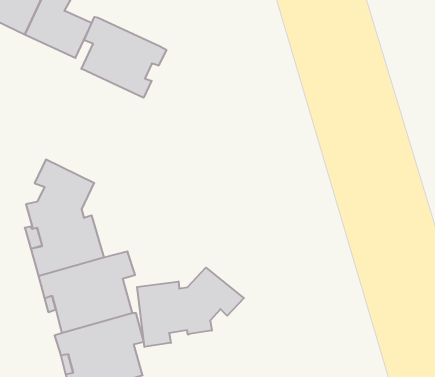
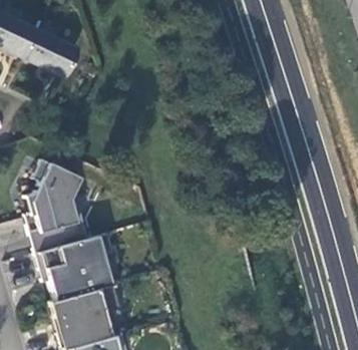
building: [81,17,166,98] -> none
building: [137,268,244,347] -> none

